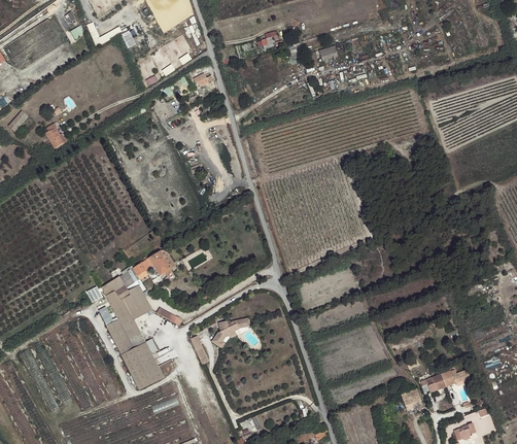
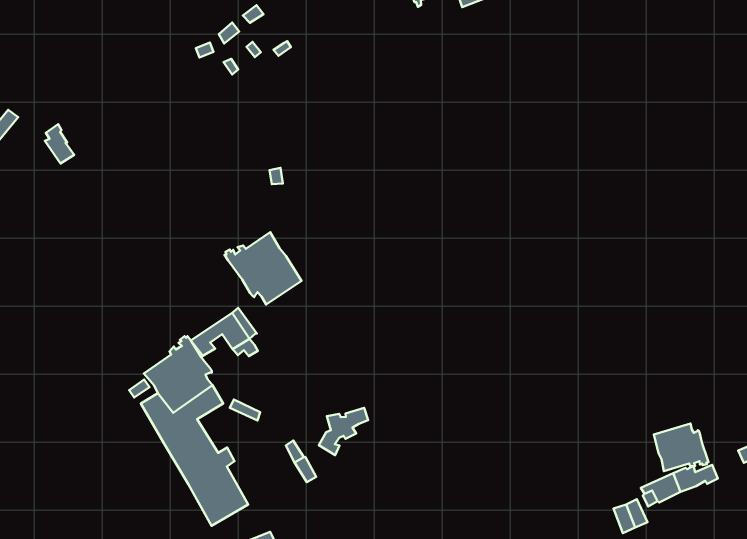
building: none -> [225,232,301,304]
building: none -> [654,424,708,471]

